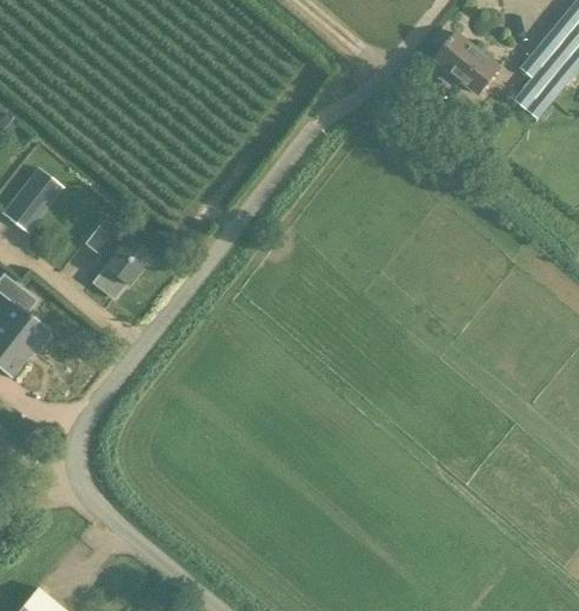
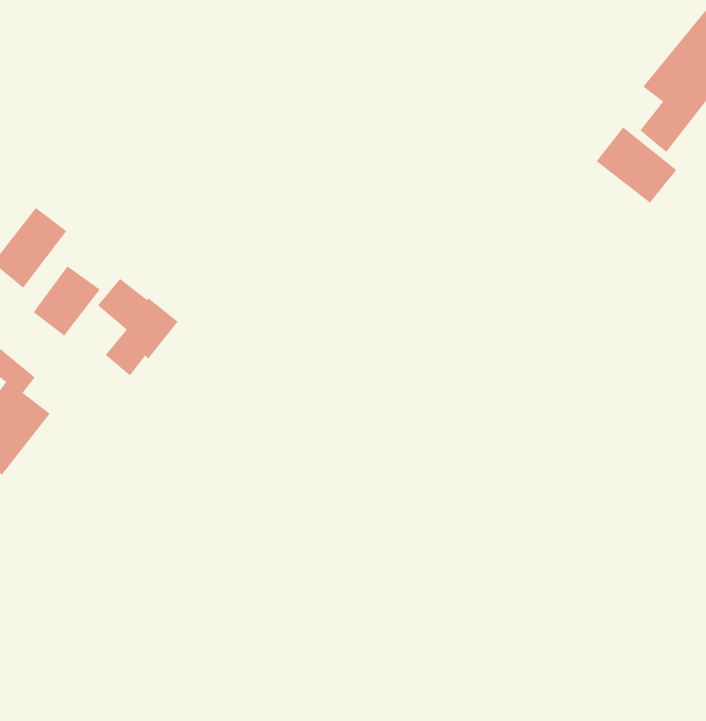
building: [435,33,499,94] -> [596,127,677,203]
building: none -> [33,265,100,337]

